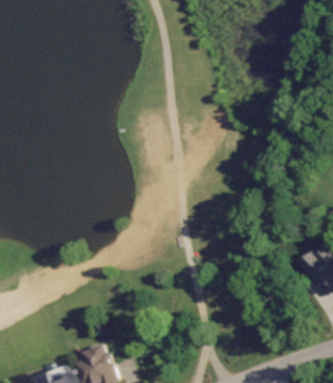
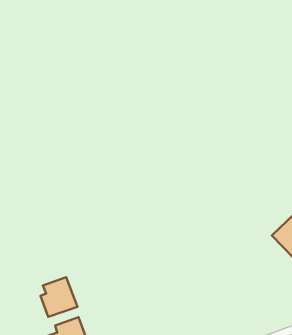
building: none -> [40,277,78,317]

